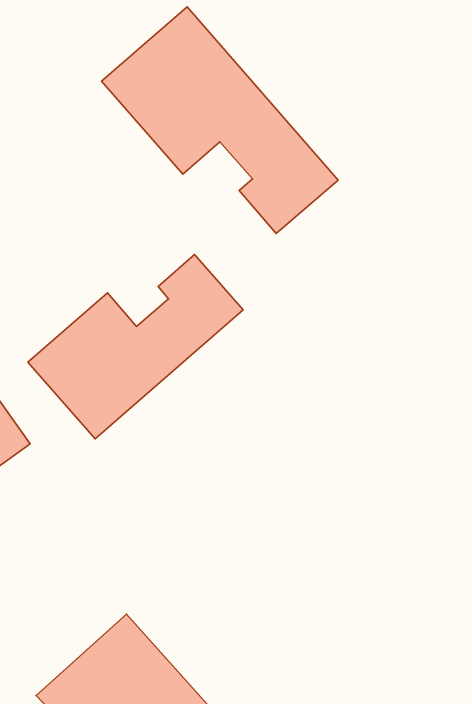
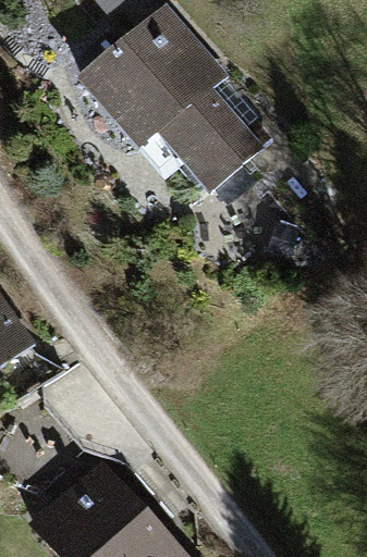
building: [28,255,243,439] -> none

